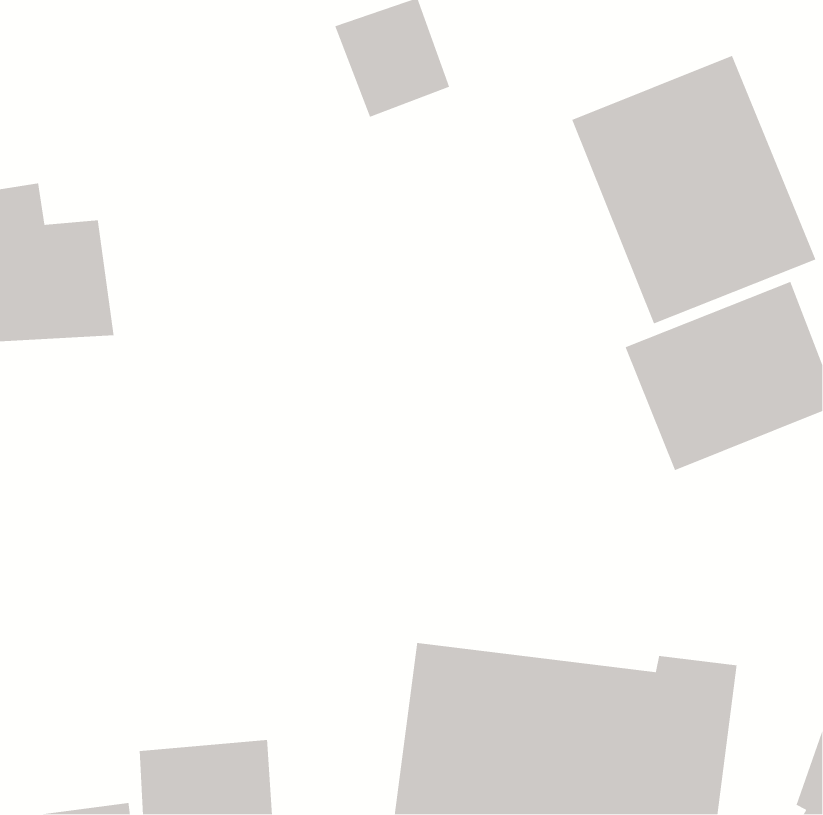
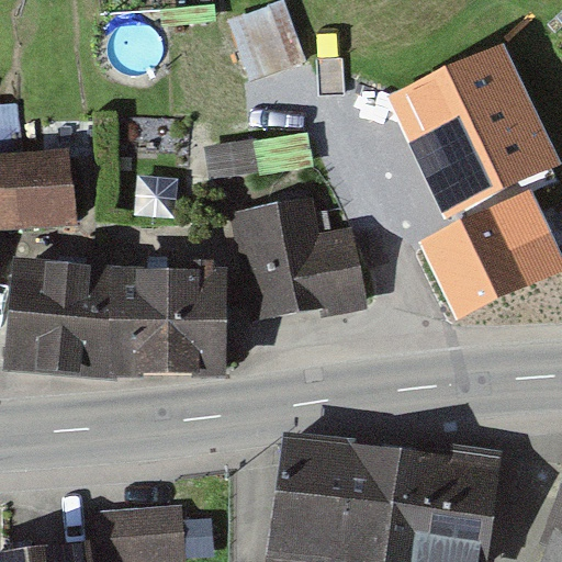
building: none -> [231,196,368,322]
building: none -> [4,260,229,381]

